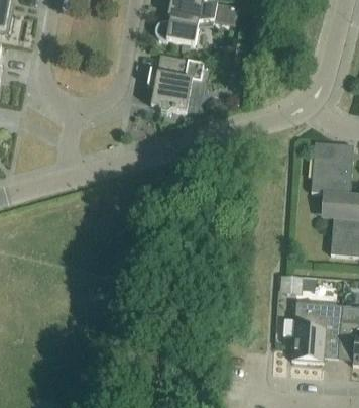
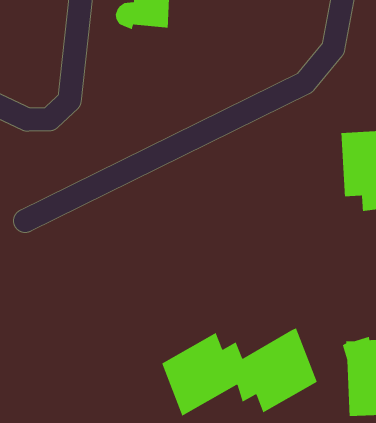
building: [146,54,204,112] -> none
building: none -> [161,327,318,417]

